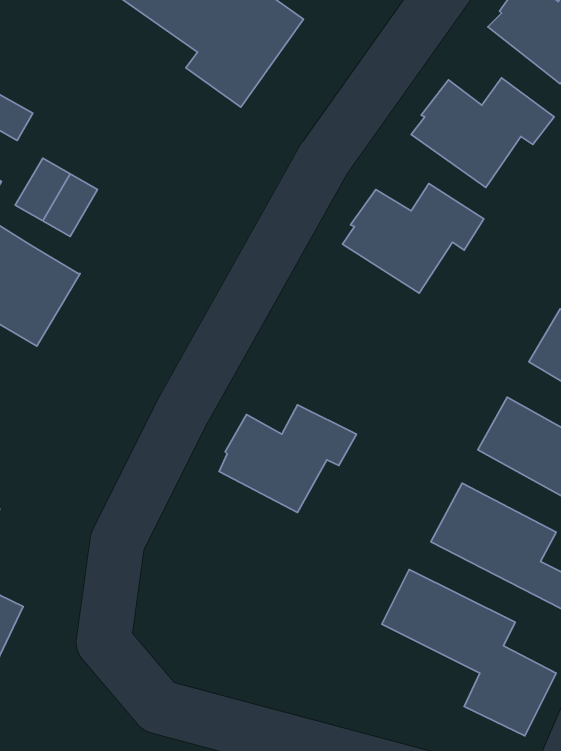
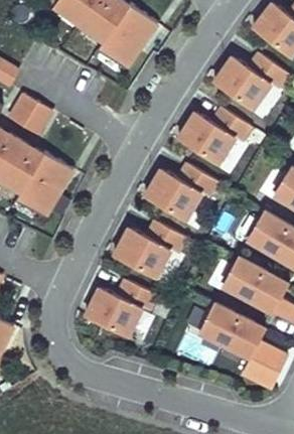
building: none -> [16,151,74,216]
building: none -> [145,163,216,219]
building: none -> [87,279,156,335]

